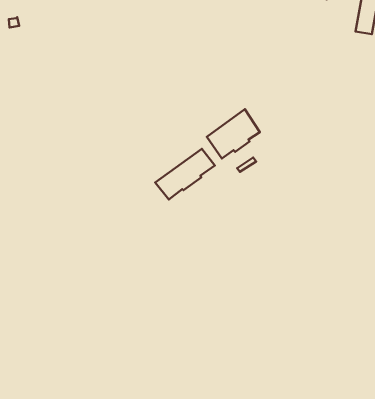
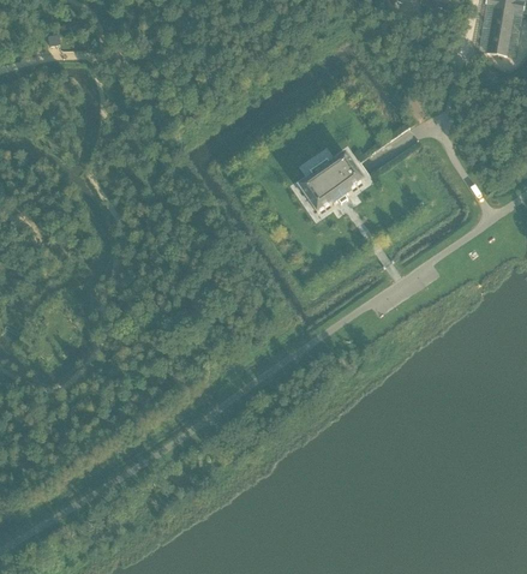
building: [155,149,215,199] -> none

